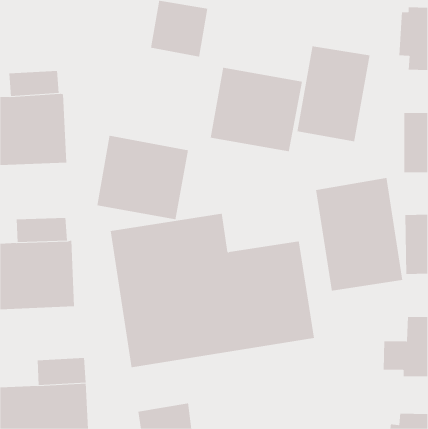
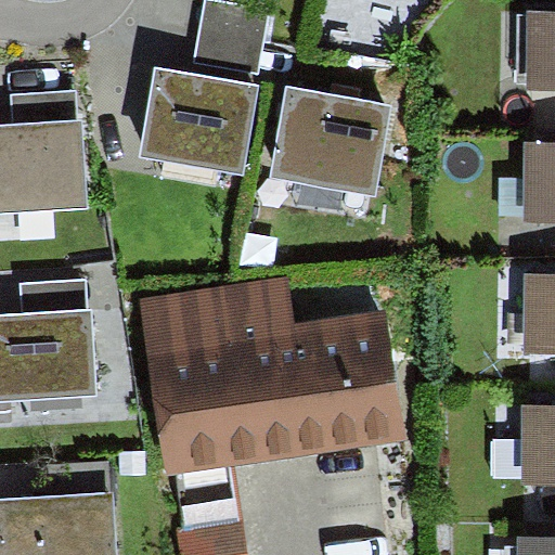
building: [297,45,370,142] -> none
building: [96,135,189,220] -> [140,66,259,176]
building: [316,177,403,292] -> none

